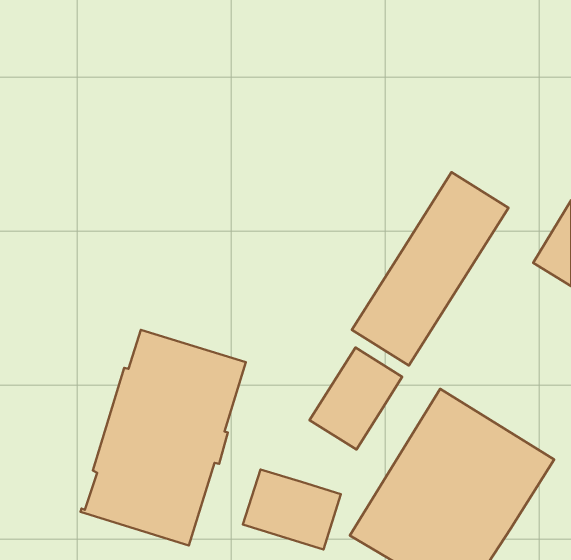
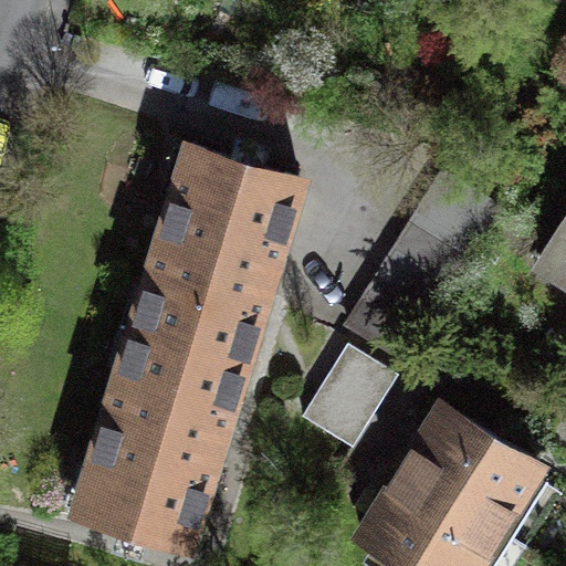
building: none -> [139,154,300,369]
building: [243,469,341,549] -> none

